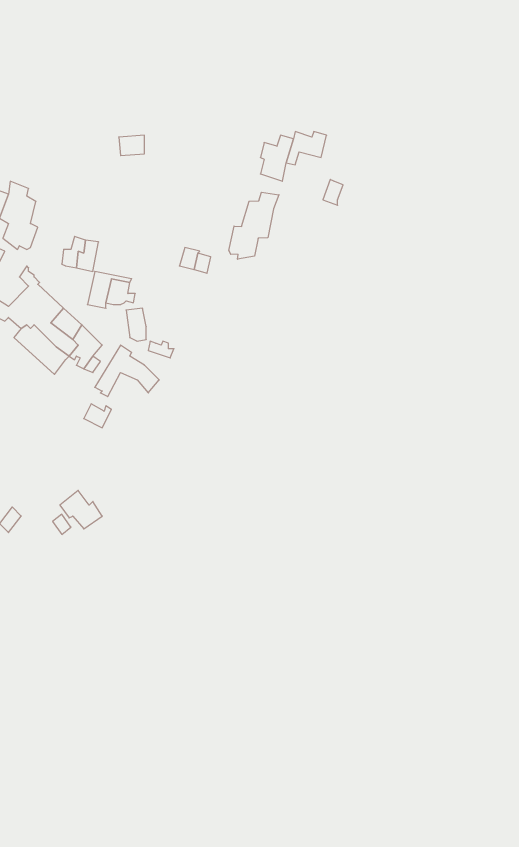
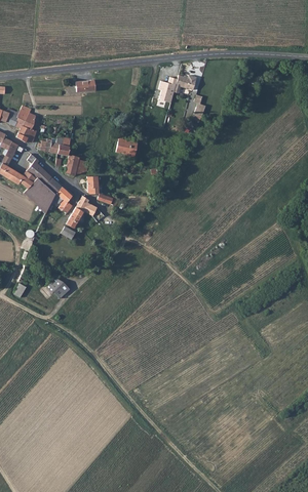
building: [229,192,279,259] -> none

